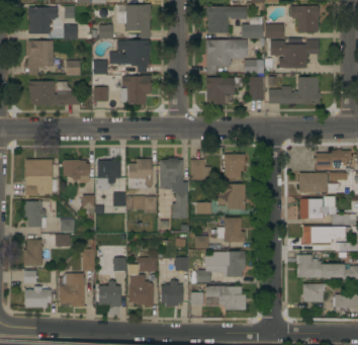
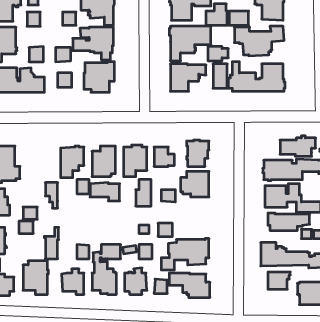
building: [63,160,90,183] -> none
building: [211,218,245,242] -> none

